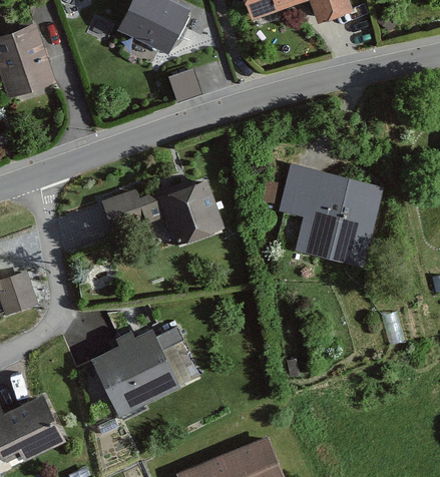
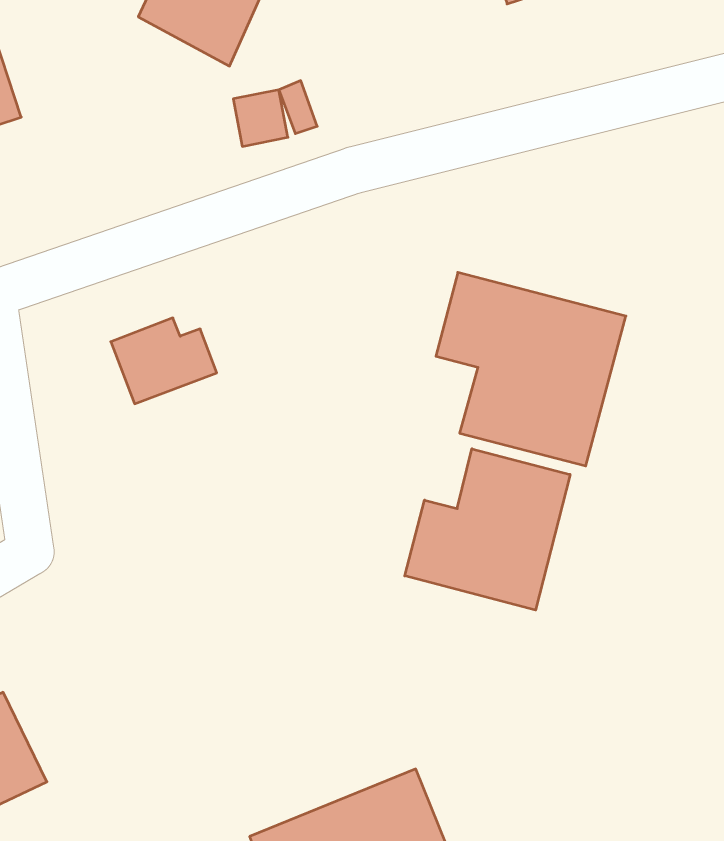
building: [152,176,225,250] -> none
building: none -> [405,449,570,610]
building: [89,329,188,419] -> none

